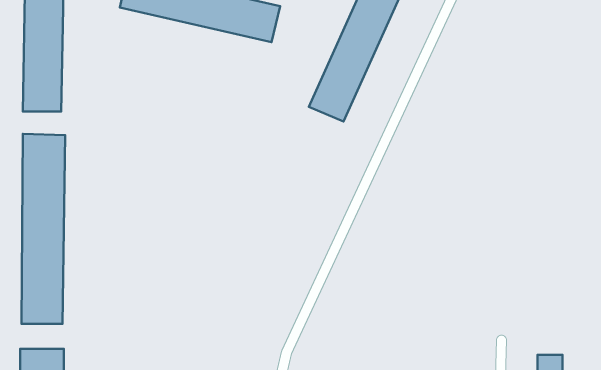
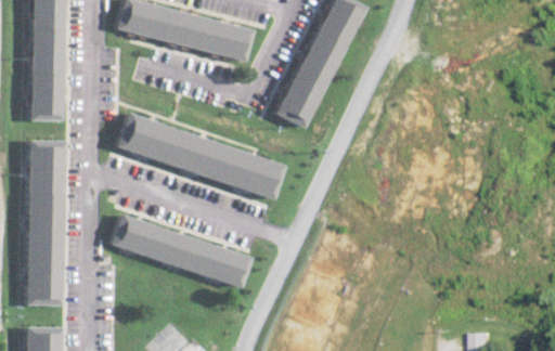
building: none -> [115,116,285,196]
building: none -> [109,214,250,287]

